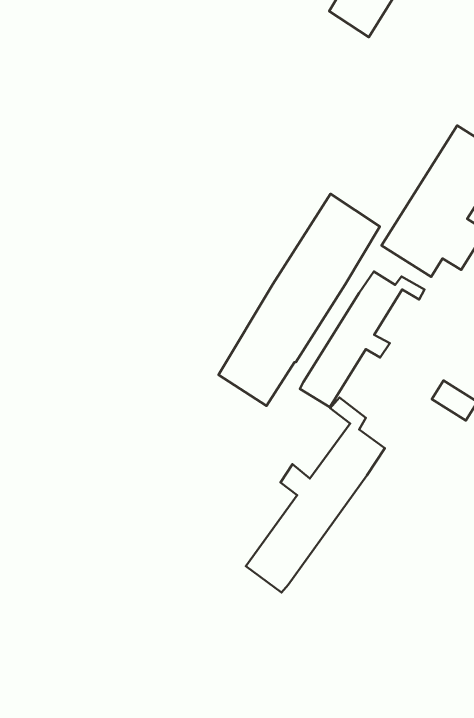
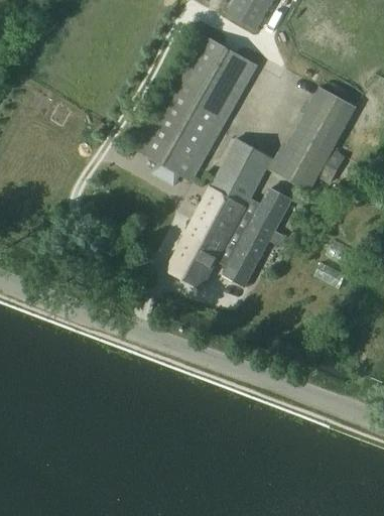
building: none -> [134,32,257,180]
building: [246,397,385,592] -> none

